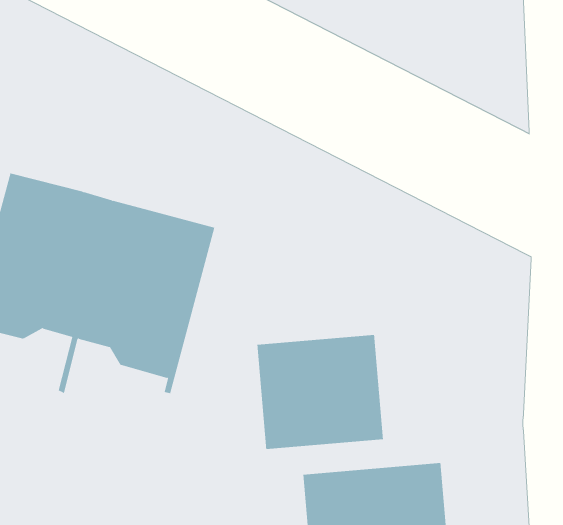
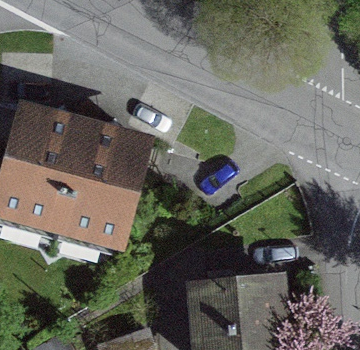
building: [257,334,384,450] -> none

